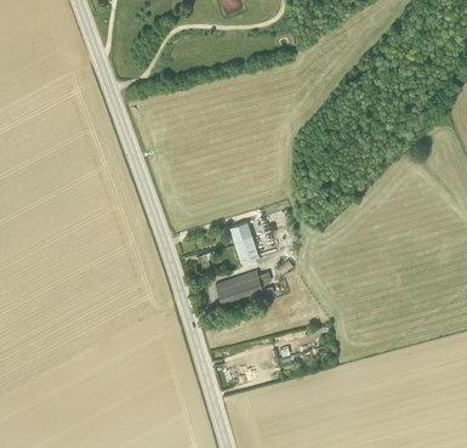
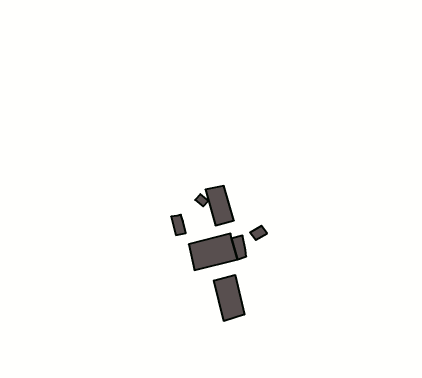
building: none -> [214,275,244,321]

